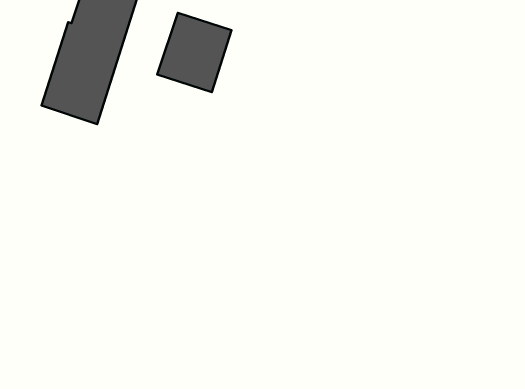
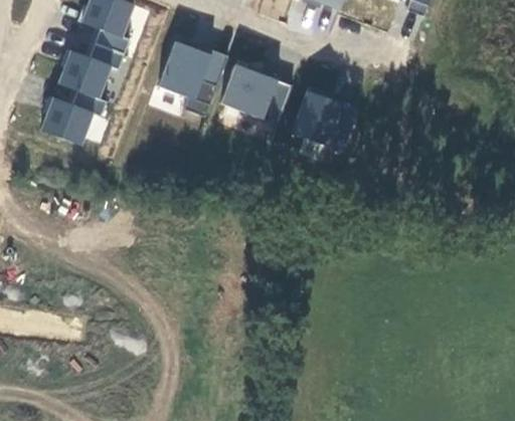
building: none -> [220,61,292,124]
building: none -> [290,88,360,154]

